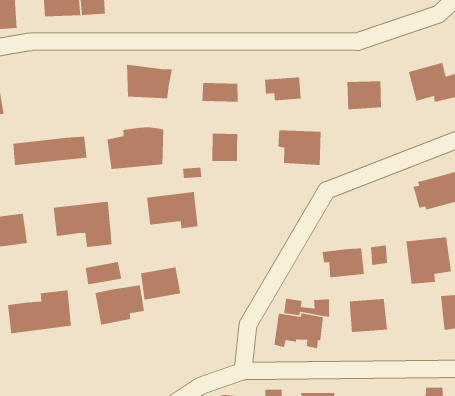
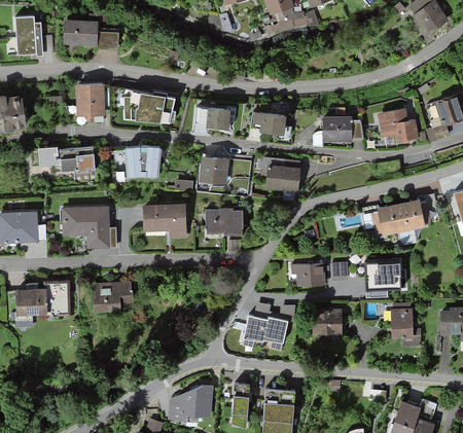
building: none -> [78,85,104,118]
building: none -> [207,211,243,233]
building: [85,261,122,285] -> none
building: [140,266,181,300] -> none

